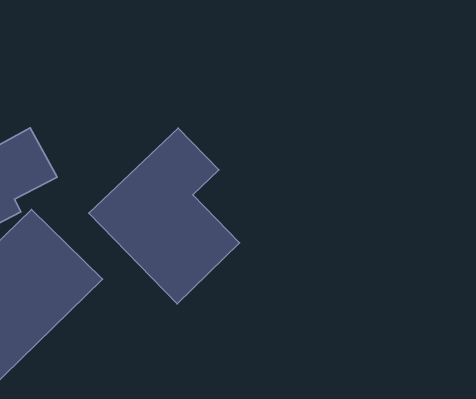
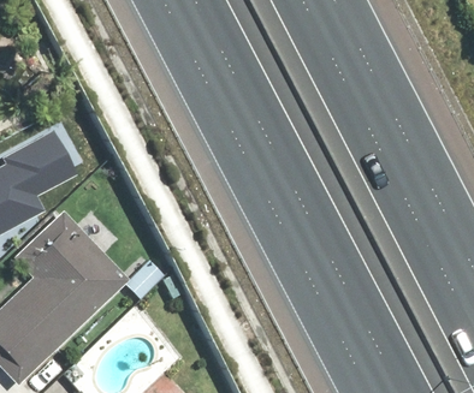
building: [89,128,240,304] -> none

